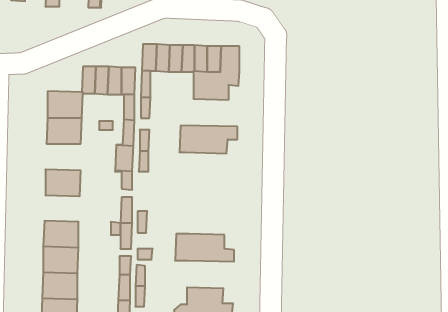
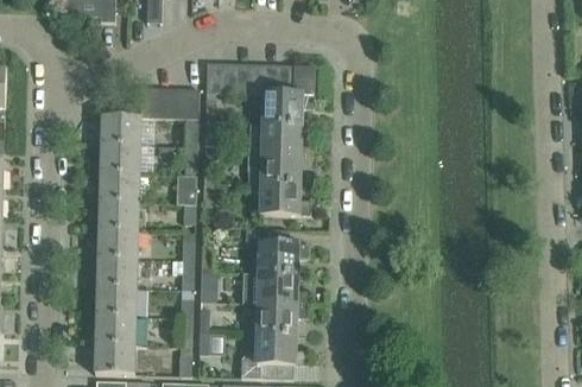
building: none -> [248,122,311,153]
building: none -> [99,172,138,202]
building: none -> [253,182,310,214]
building: none -> [97,229,137,259]
building: none -> [258,241,309,273]
building: none -> [255,302,308,332]

